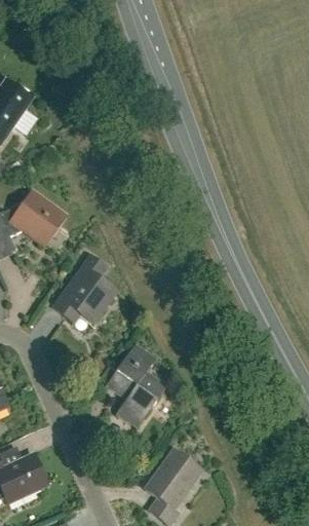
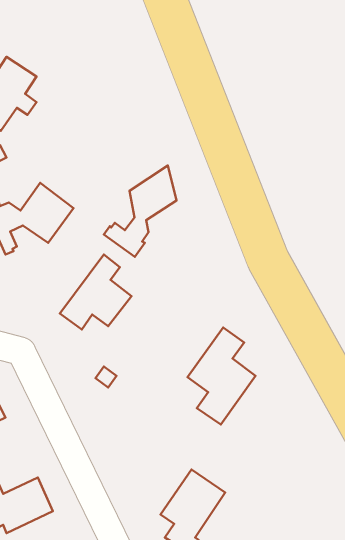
building: none -> [104,166,177,257]
building: [104,343,164,429] -> [187,327,256,424]

